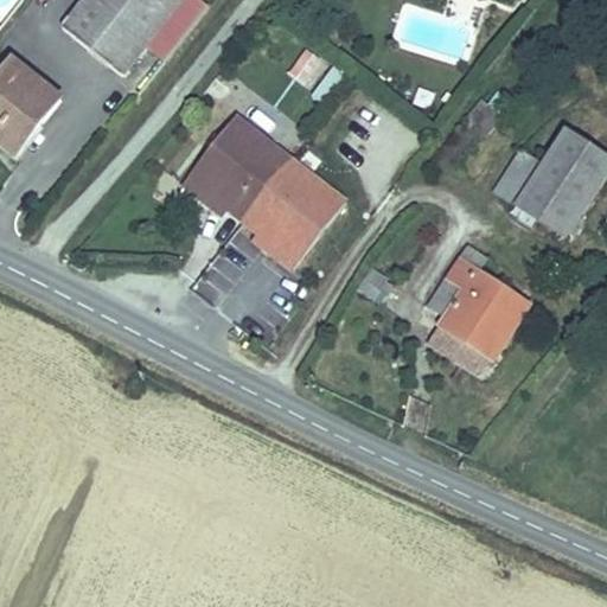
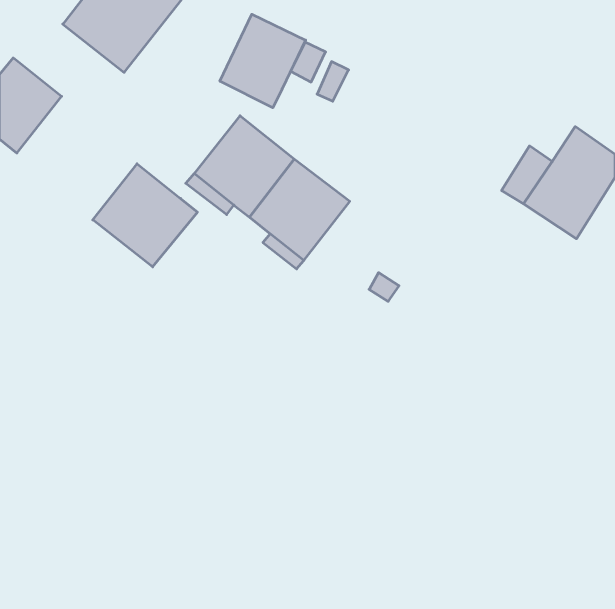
building: none -> [220,14,306,108]
building: none -> [93,164,197,267]
building: [430,243,529,372] -> none

